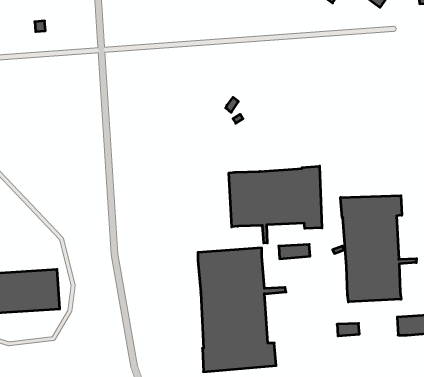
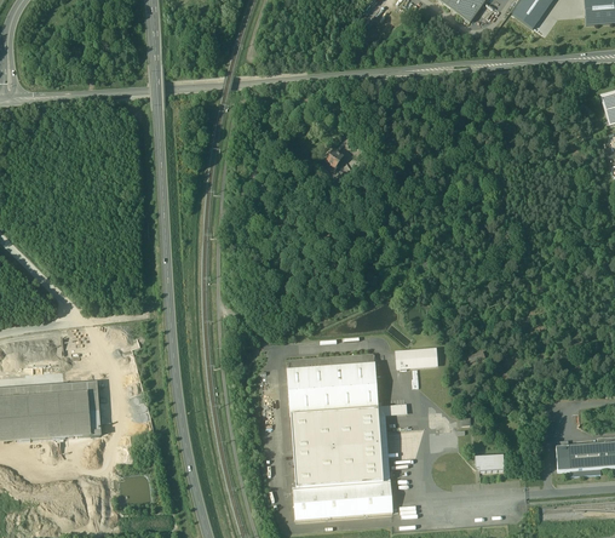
building: [229,166,322,243] -> none
building: [341,196,417,302] -> none

